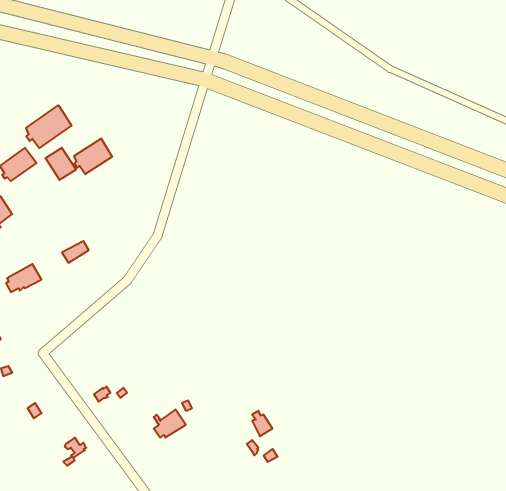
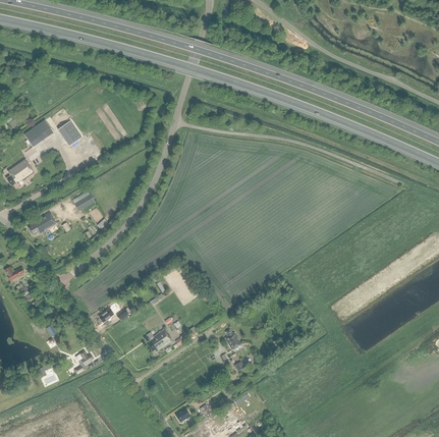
building: [26,105,72,148] -> none
building: [74,138,112,174] -> none

